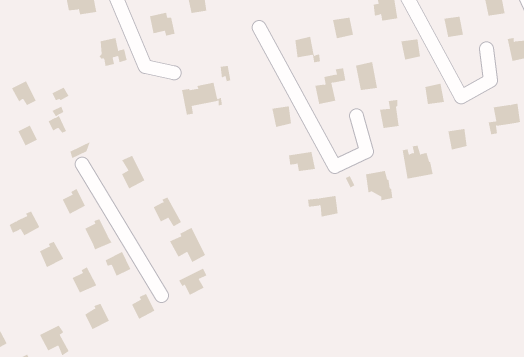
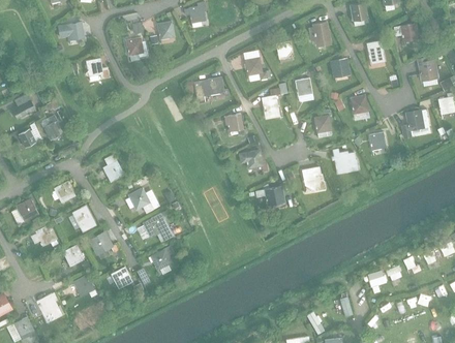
building: [181,82,223,115] -> [194,76,229,103]

